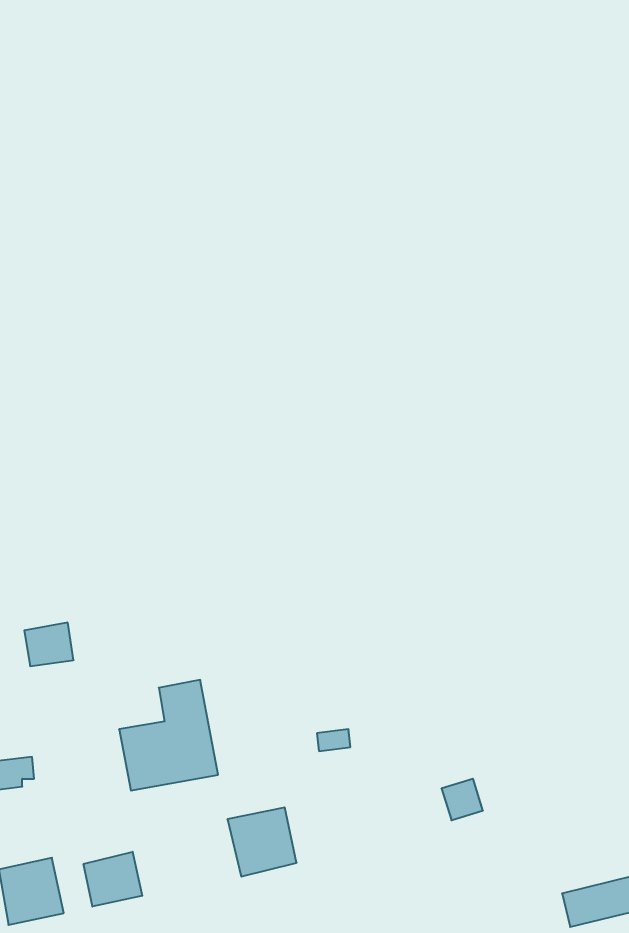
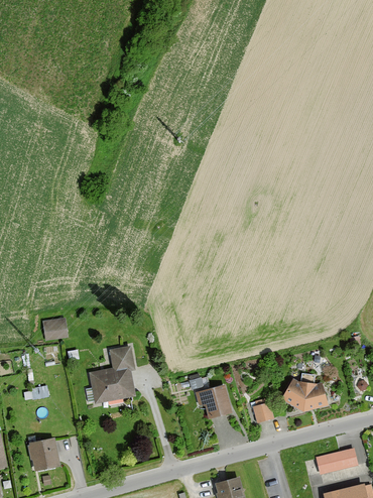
building: none -> [281,379,328,411]
building: [227,807,297,877] -> [197,386,232,421]
building: [84,852,142,907] -> none

